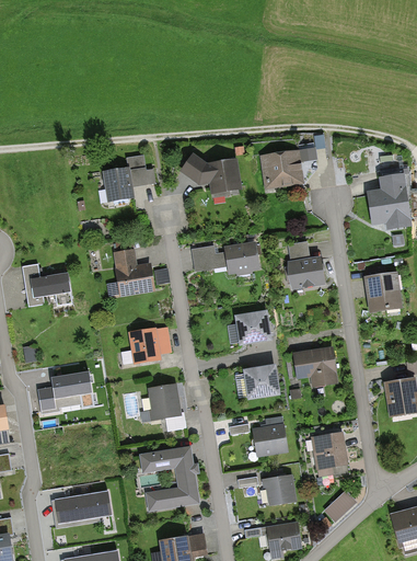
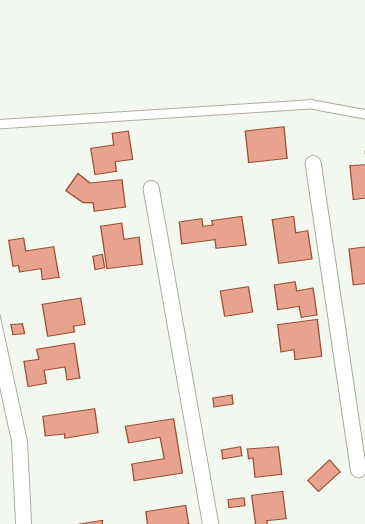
building: [182,156,242,194] -> [66,173,125,211]
building: none -> [274,282,317,318]
building: [128,328,172,366] -> [42,298,85,336]
building: [243,367,275,397] -> none
building: [147,383,183,431] -> none
building: [251,423,288,457] -> none
building: [311,434,346,476] -> none
building: [53,491,108,520] -> [43,409,98,438]

